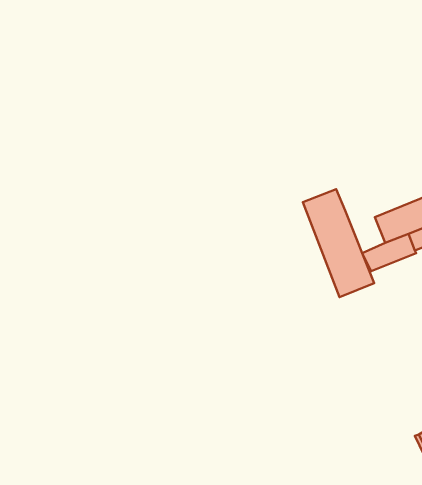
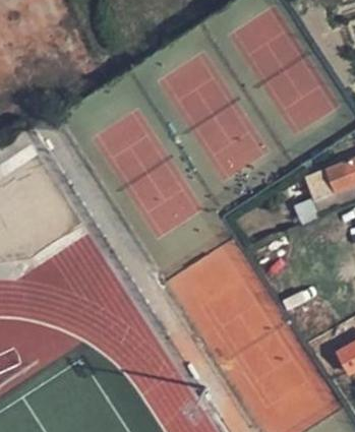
building: [303,189,374,297] -> none

